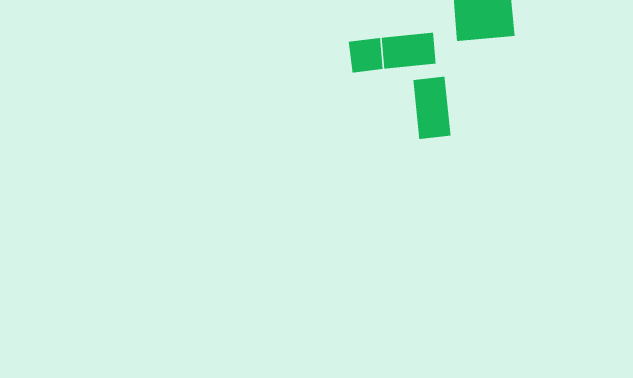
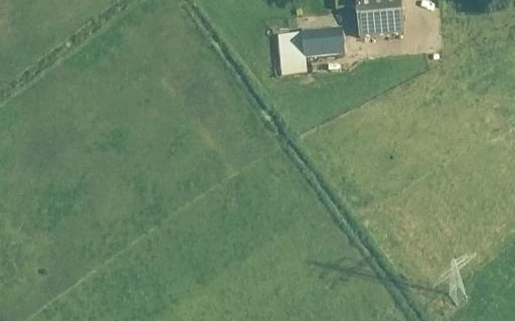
building: [413,76,451,140] -> none

